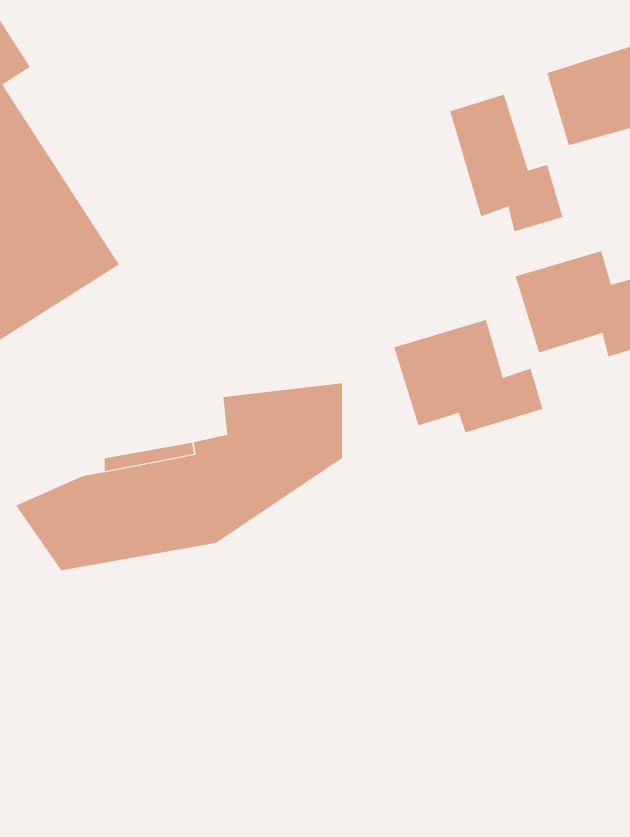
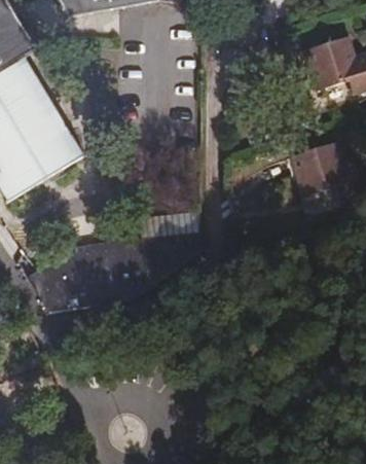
building: [450,94,563,232] -> none
building: [393,319,543,433] -> none

